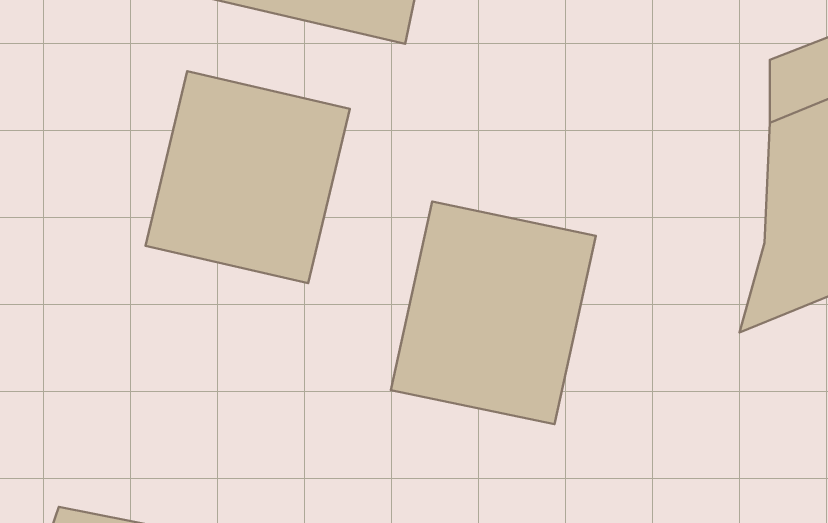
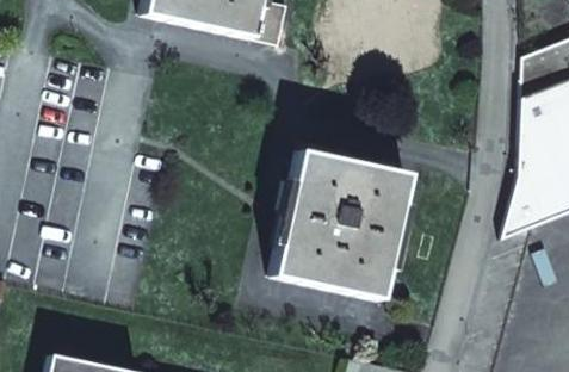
building: [145,71,350,283] -> none

